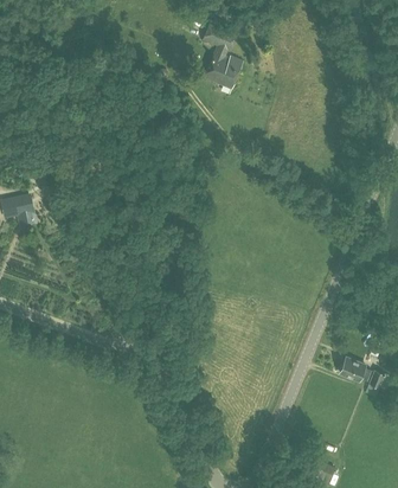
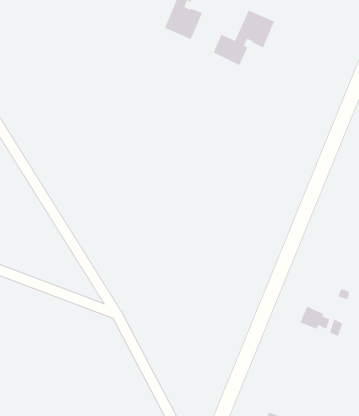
building: none -> [213,10,275,66]

